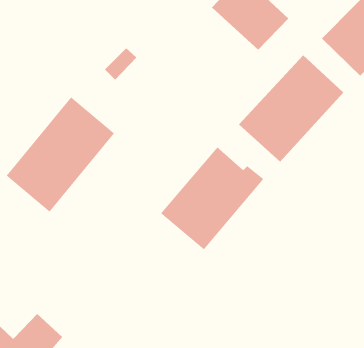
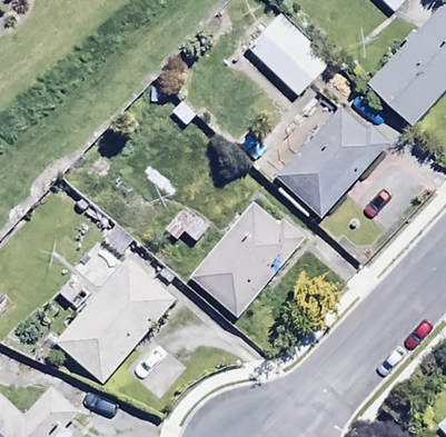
building: [6,97,115,213] -> [56,256,177,385]

